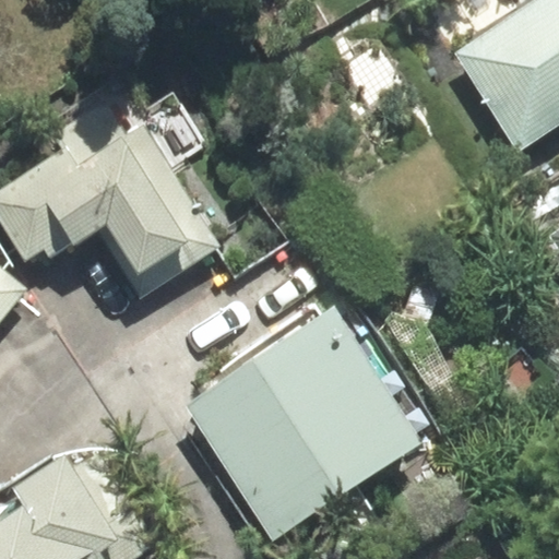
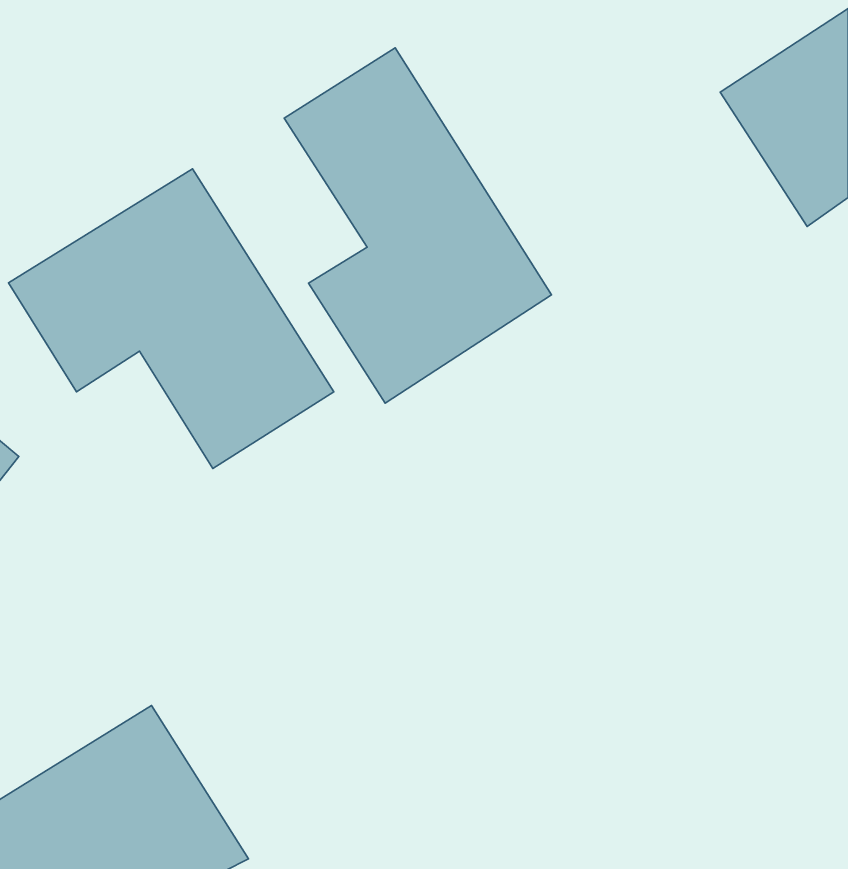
building: none -> [284,48,552,403]
building: [197,321,411,528] -> none

